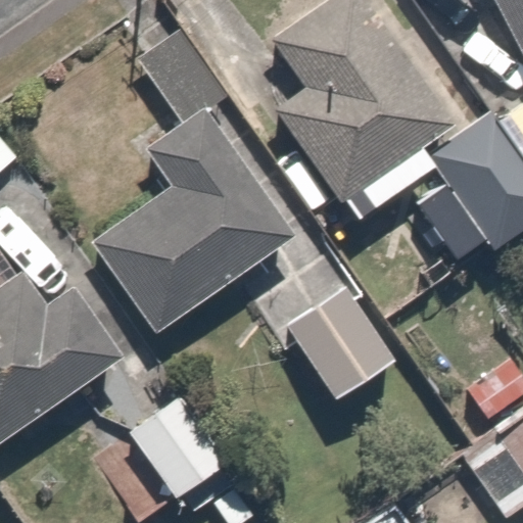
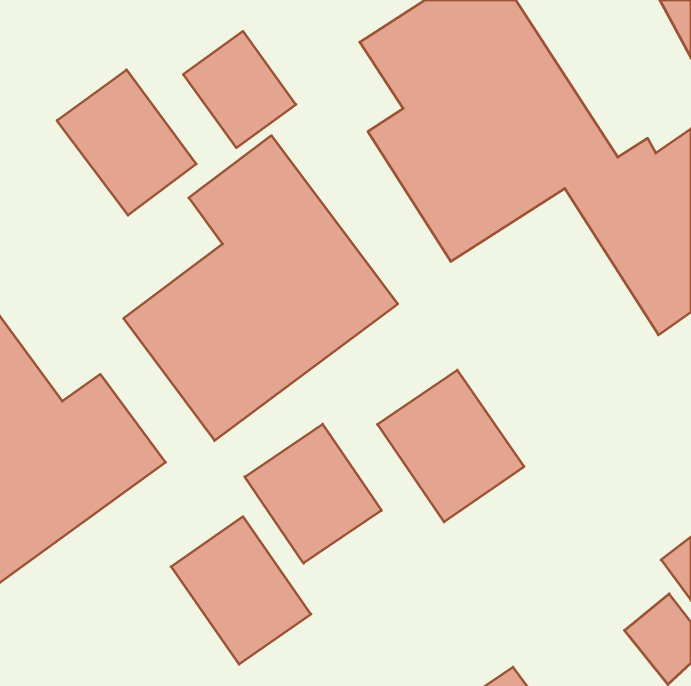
building: none -> [57,70,196,215]
building: none -> [245,424,381,563]

